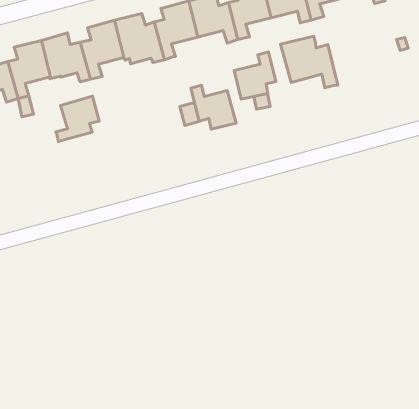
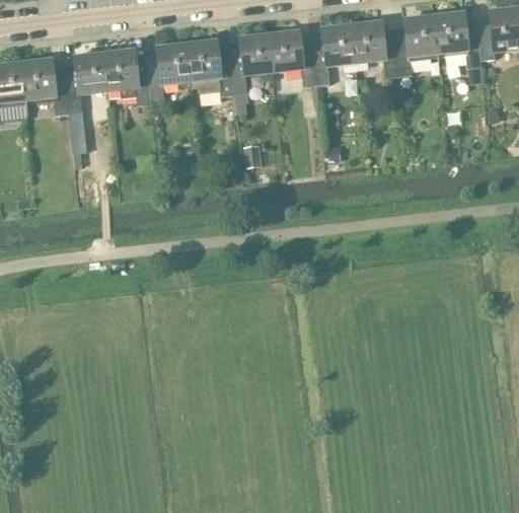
building: [281,36,338,88] -> none
building: [234,52,276,99] -> none
building: [191,85,236,129] -> none
building: [56,96,99,142] -> none

